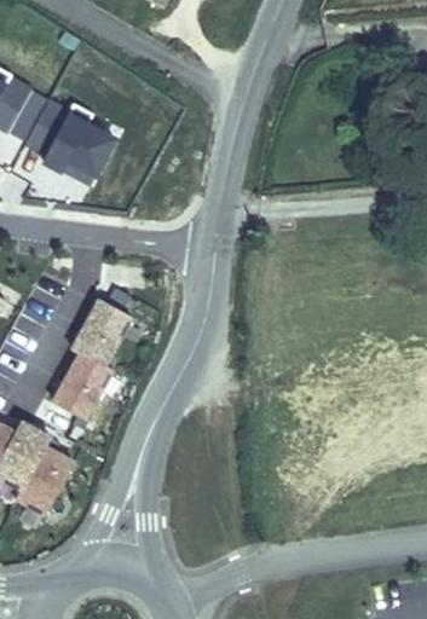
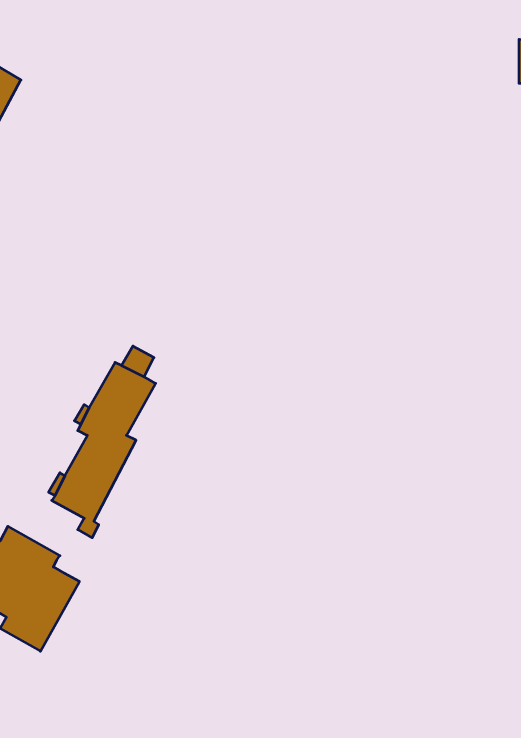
building: [25,100,115,175] -> none

